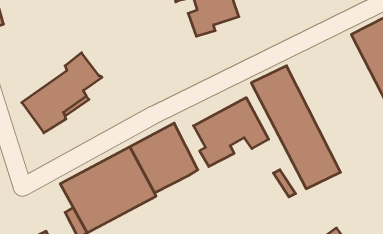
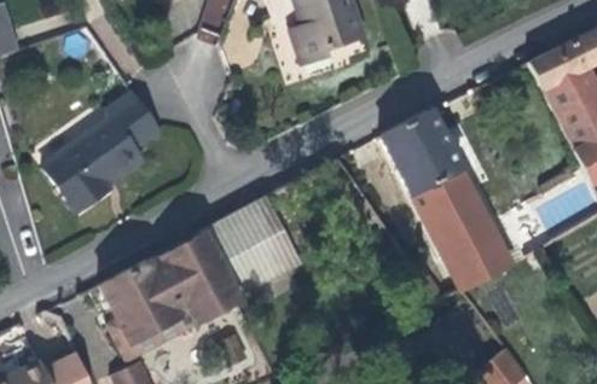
building: [193,98,269,167] -> none

